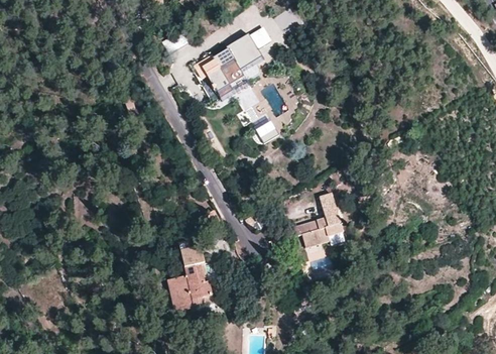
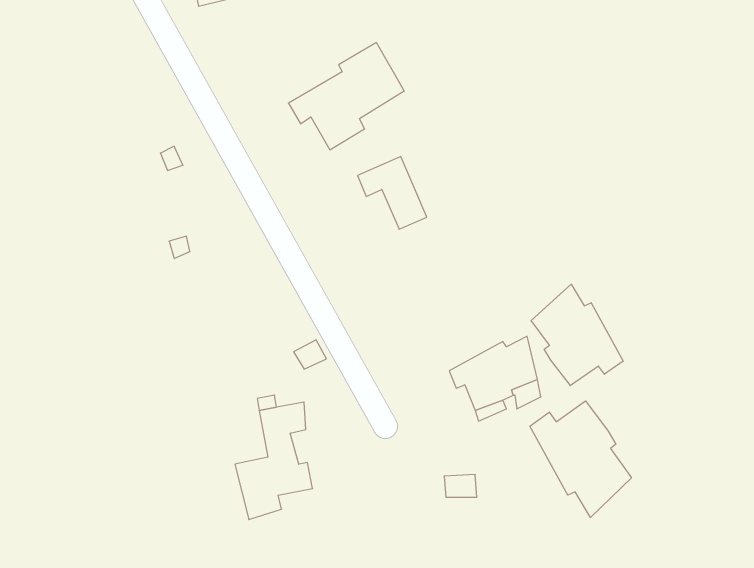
building: none -> [531,284,623,386]
building: none -> [530,401,631,517]

